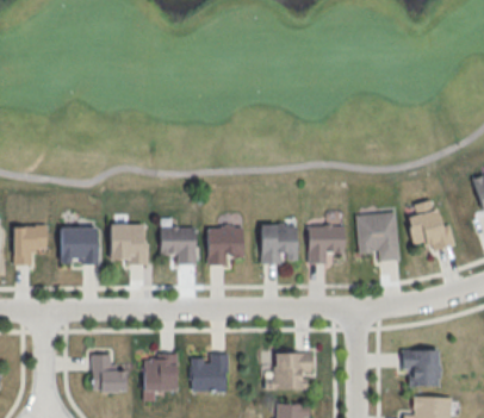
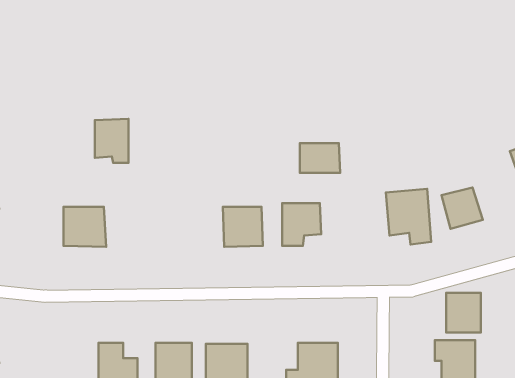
building: [111,224,142,264] -> [95,119,129,163]
building: [308,225,345,252] -> [300,143,340,173]
building: [13,226,46,264] -> none
building: [161,227,196,264] -> none
building: none -> [446,293,481,333]

